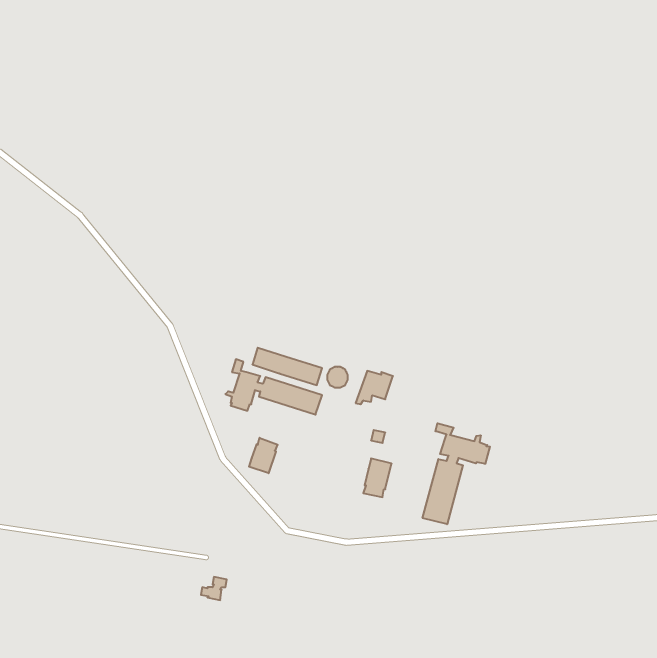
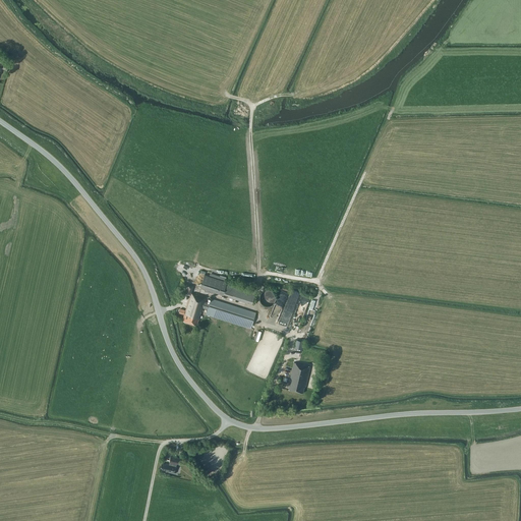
building: [423,423,490,524] -> none
building: [249,438,278,473] -> none

